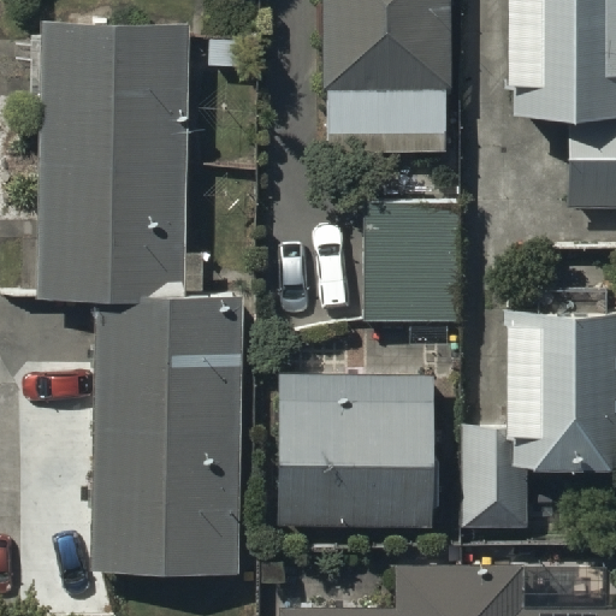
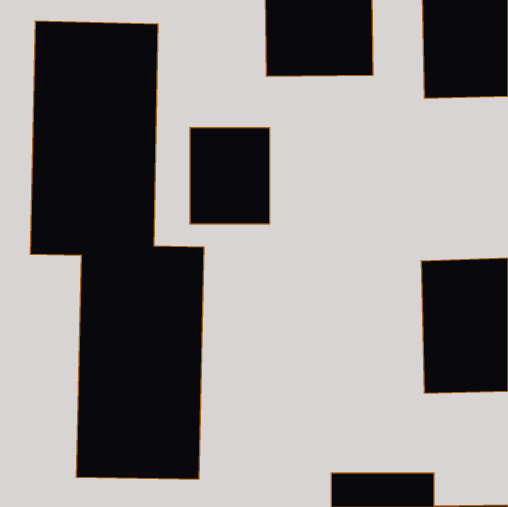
building: [356,205,452,320] -> [190,128,270,224]
building: [279,373,434,528] -> none

